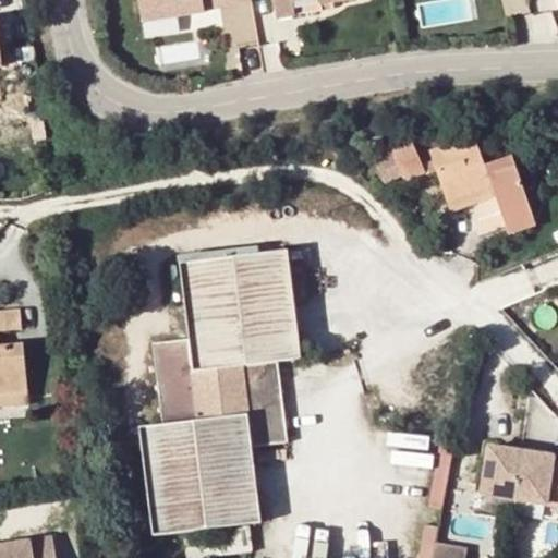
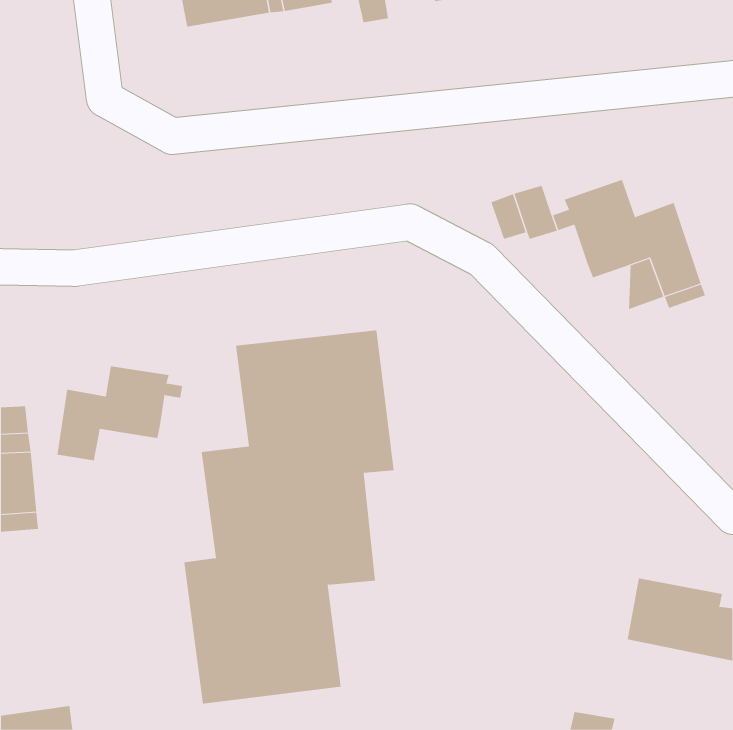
building: none -> [57,365,183,461]

